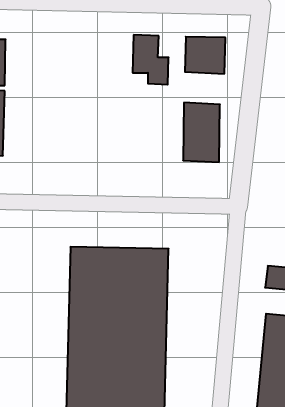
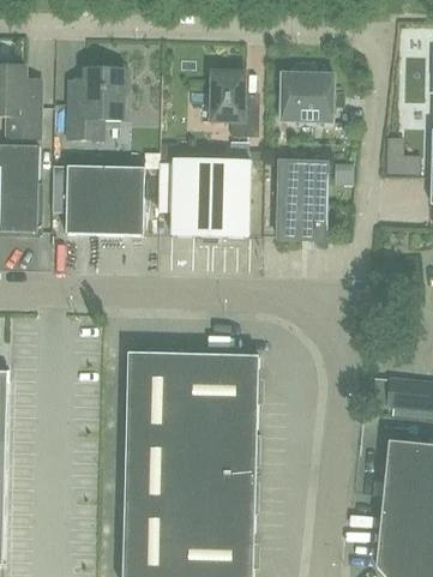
building: none -> [67,62,131,138]
building: none -> [158,156,249,236]
building: none -> [66,164,144,234]

